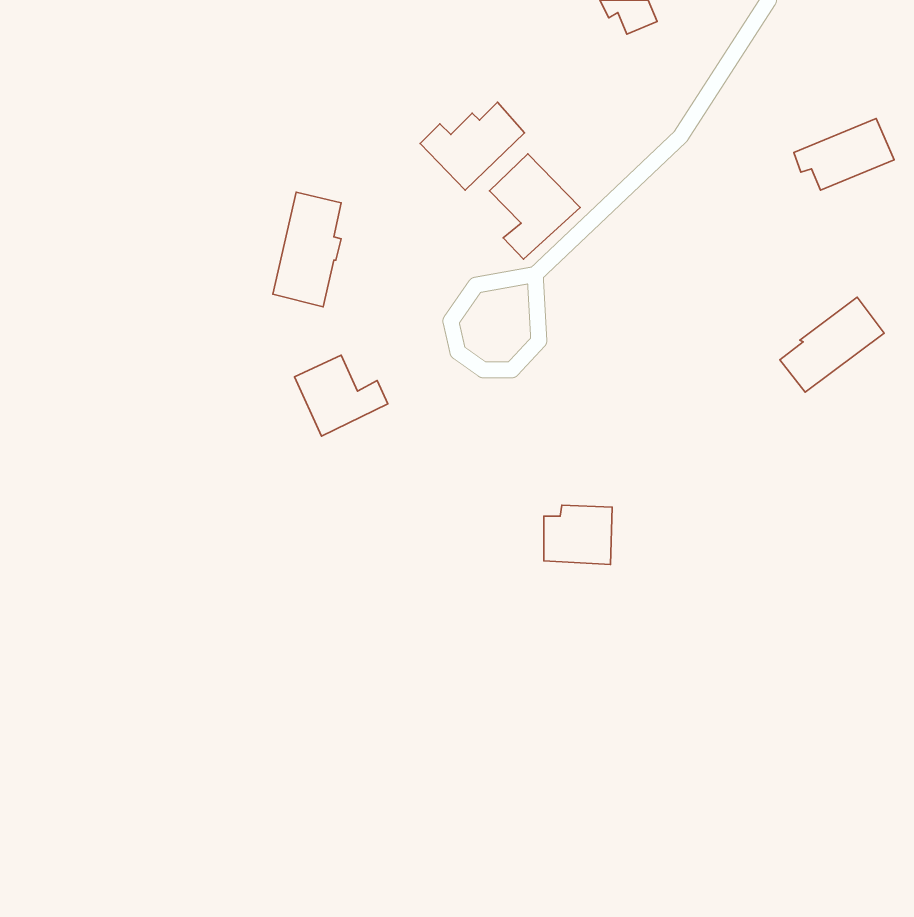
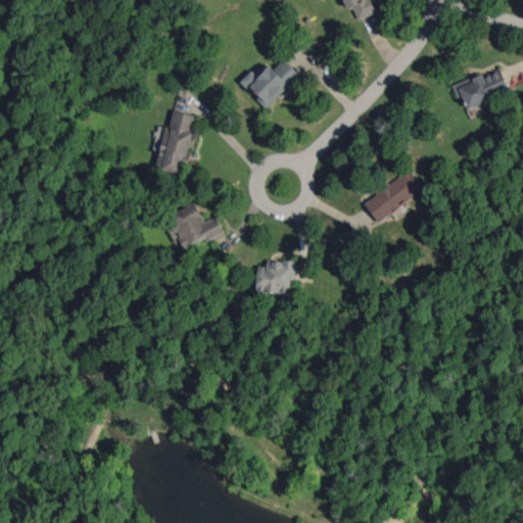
building: [490,154,580,259] -> none
building: [780,297,884,392] -> [363,169,422,223]
building: [544,505,612,565] -> [255,259,294,293]

